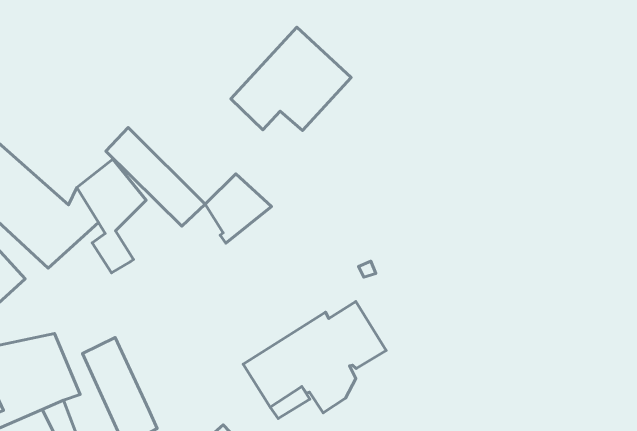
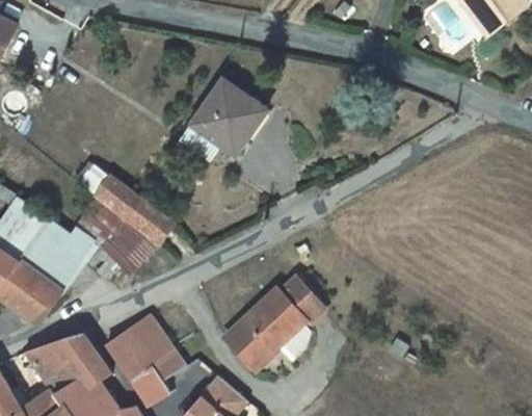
building: [205,174,272,243] -> [114,224,163,276]
building: none -> [127,314,183,376]

